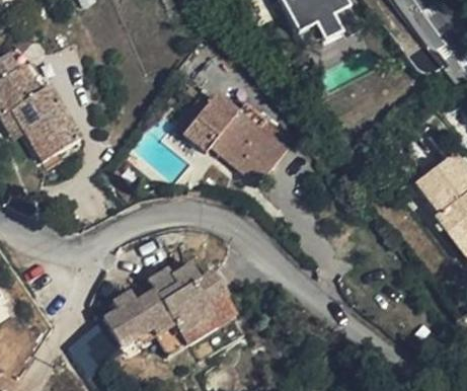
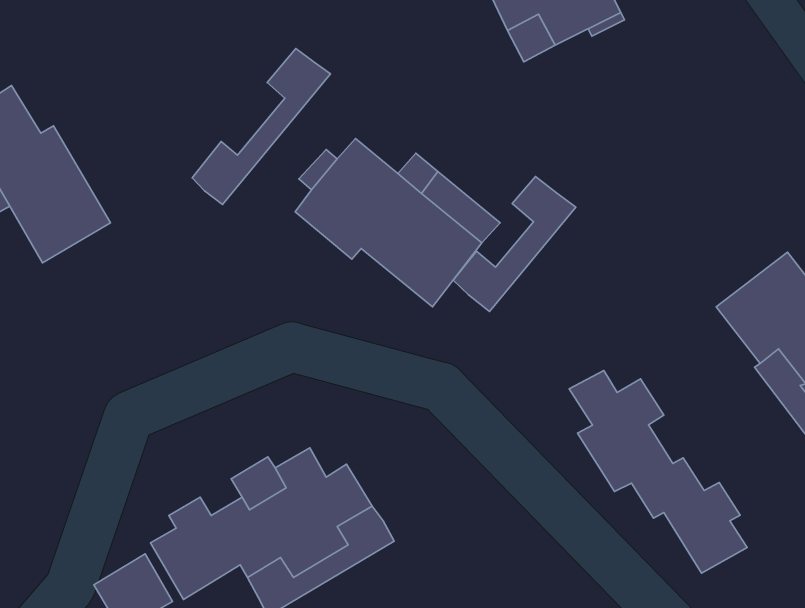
building: none -> [192,49,331,205]
building: none -> [453,177,576,311]
building: none -> [569,371,747,573]

